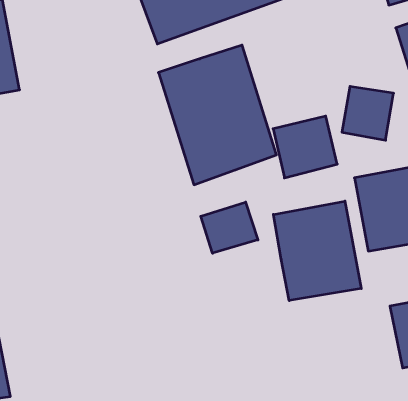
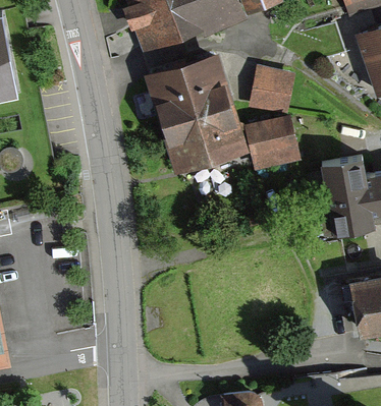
building: [342,86,394,140] -> [249,67,294,115]
building: [273,201,361,301] -> none
building: [201,202,258,253] -> none

